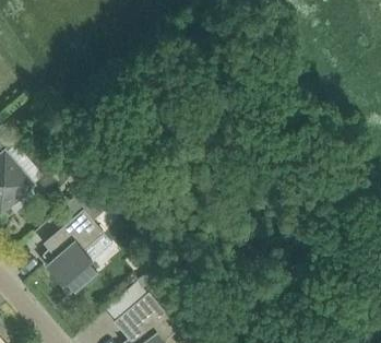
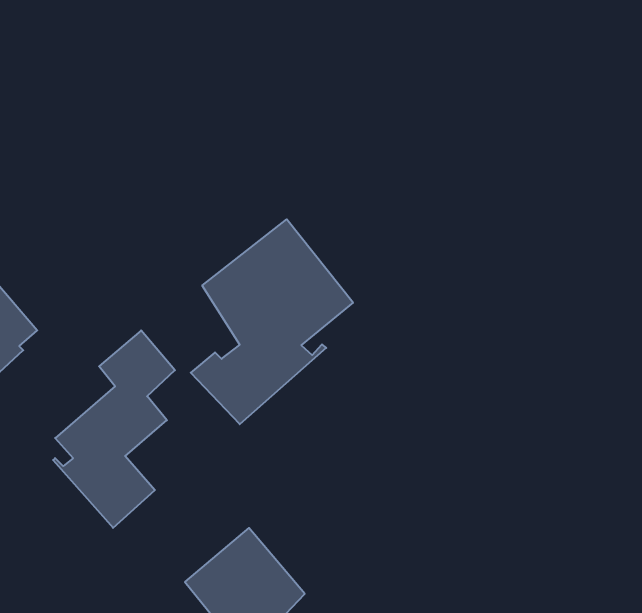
building: none -> [191,219,353,424]

